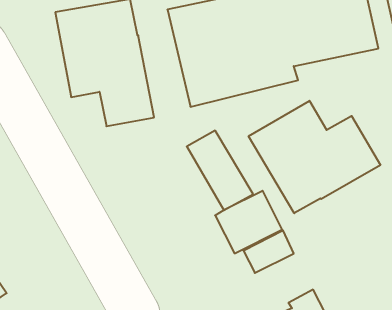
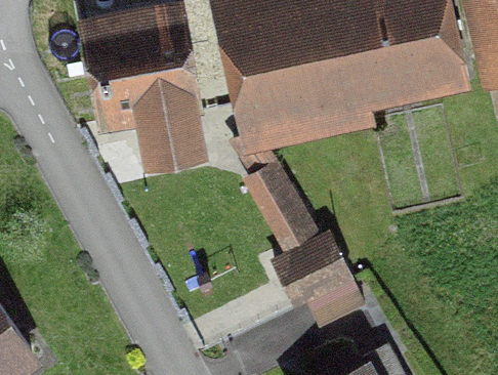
building: [249,101,380,213] -> none

